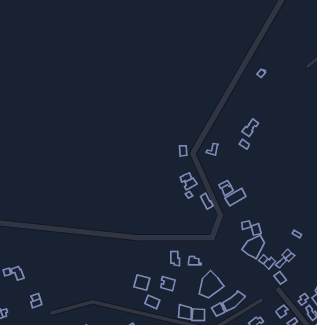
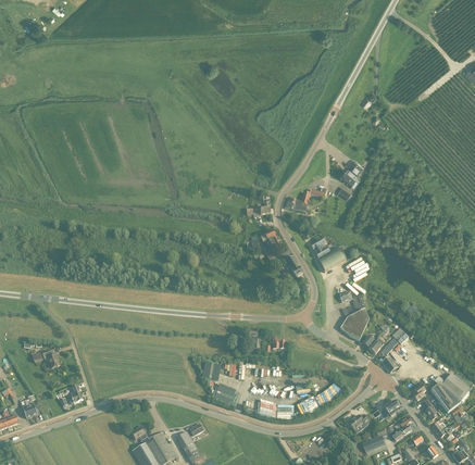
building: [199,271,224,298] -> none

